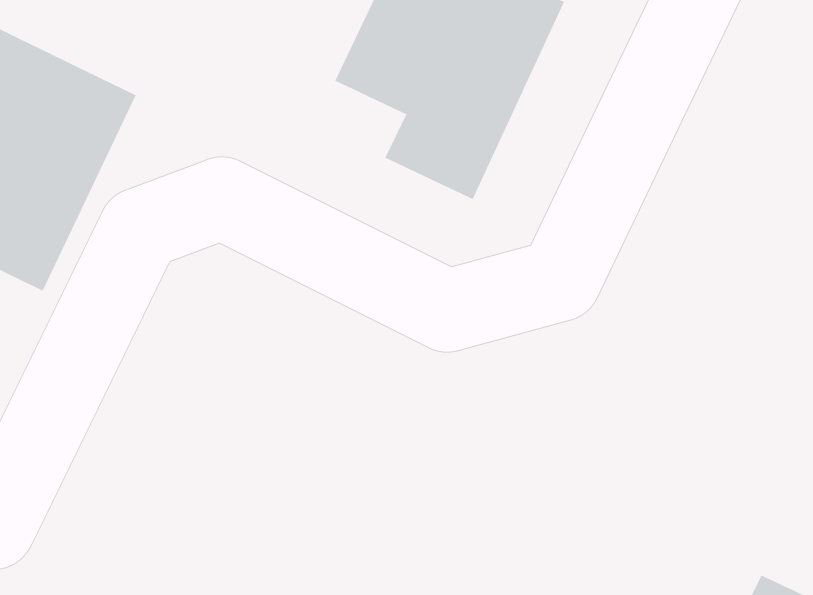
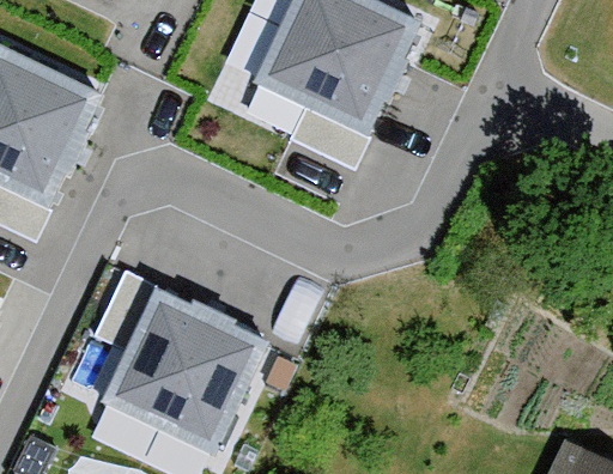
building: none -> [90,271,266,455]

